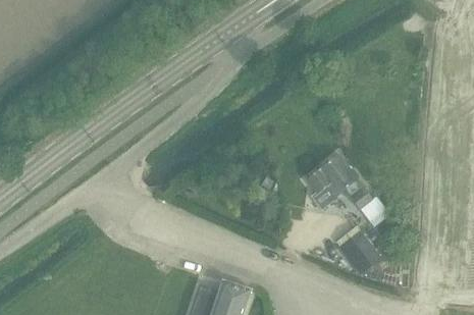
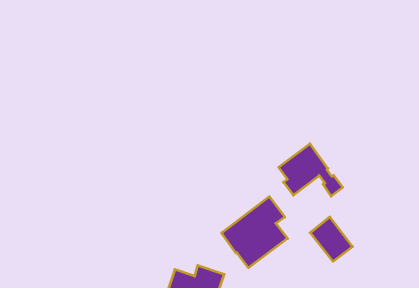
building: none -> [222,197,288,268]

